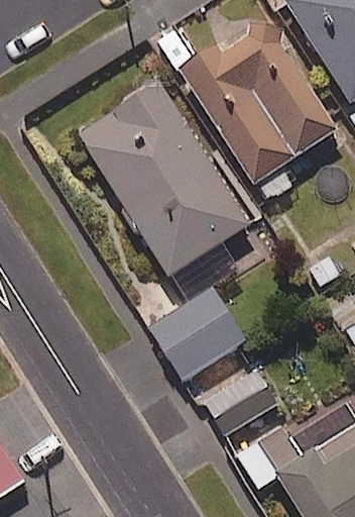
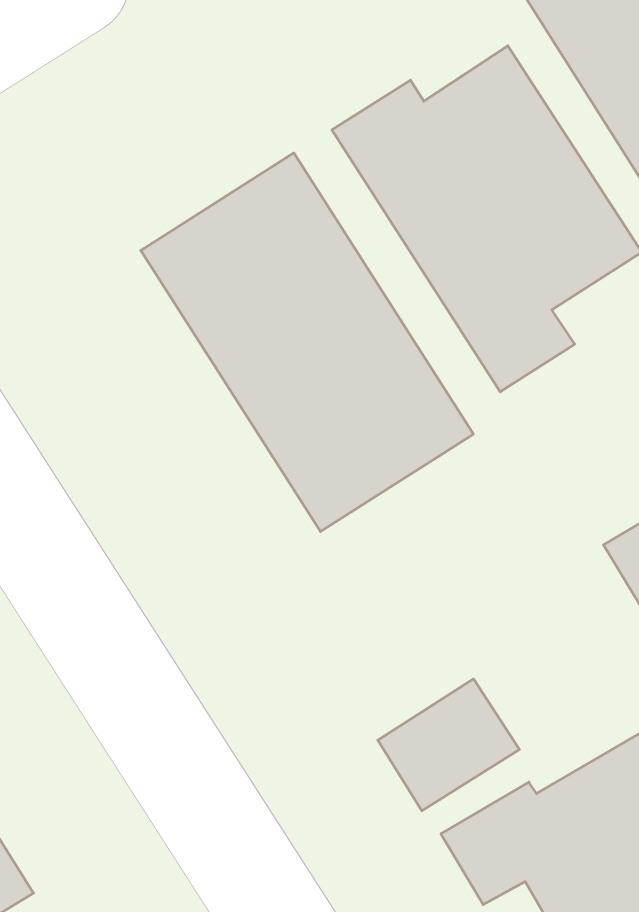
building: [151,286,276,381] -> none

